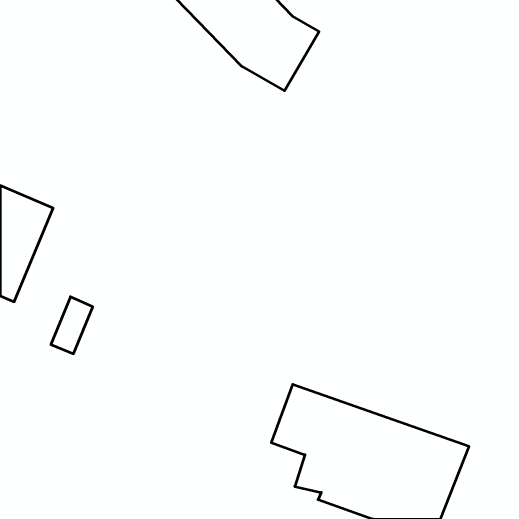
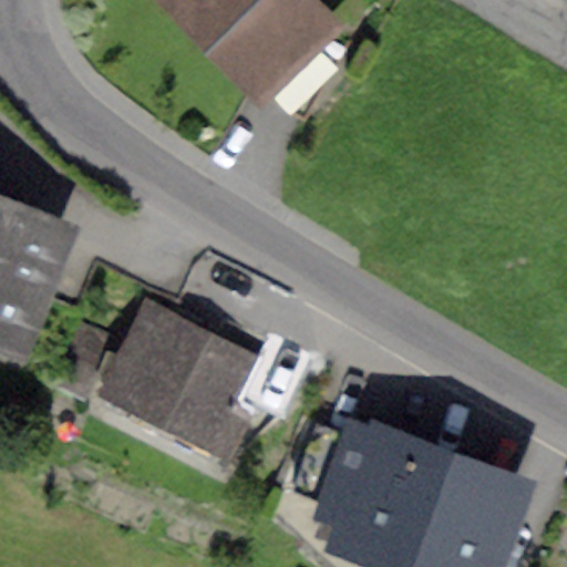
building: none -> [123,312,299,427]

